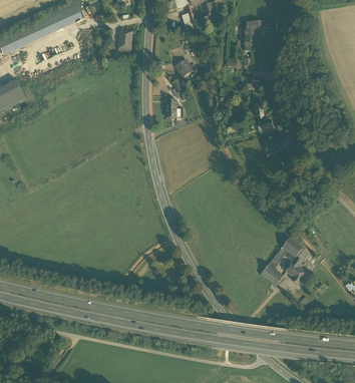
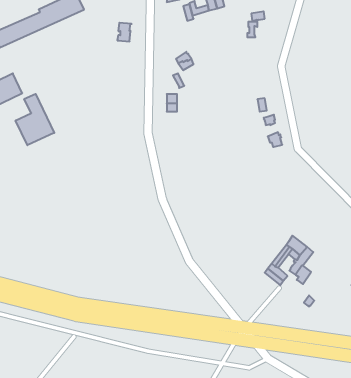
building: none -> [16,94,54,145]

